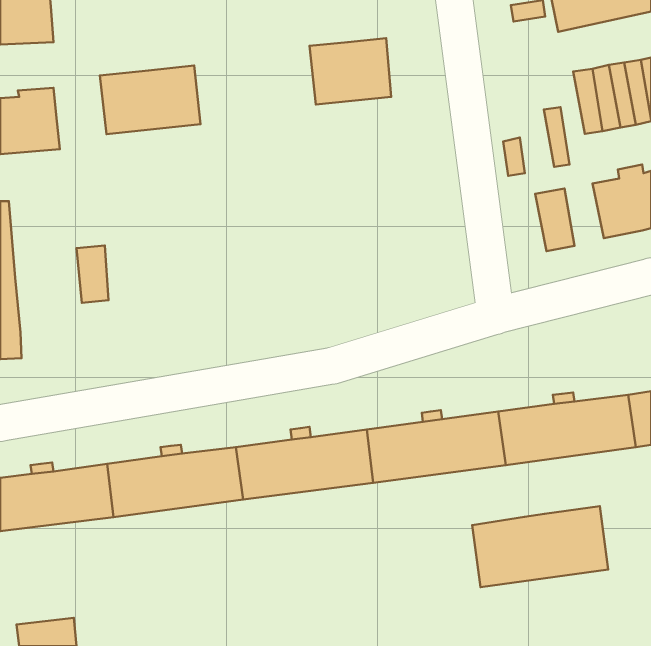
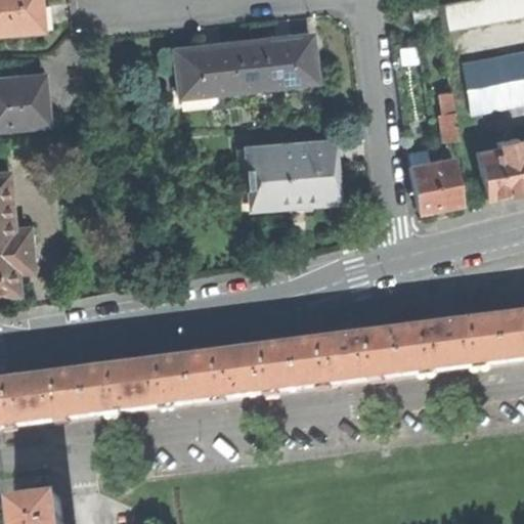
building: [100,65,201,134] -> [173,37,254,92]
building: none -> [245,137,337,210]
building: none -> [410,156,439,205]
building: [77,245,108,303] -> [12,221,38,267]
building: [472,506,608,587] -> none

